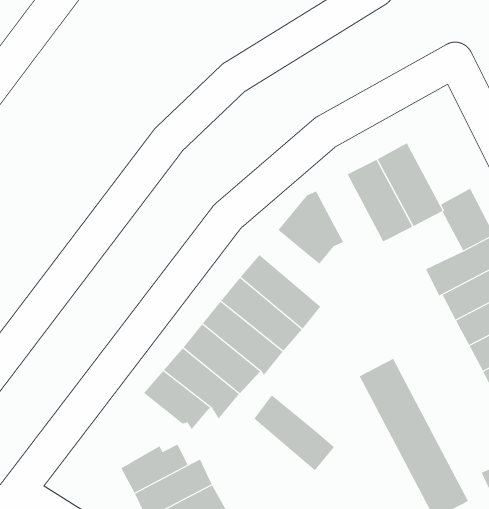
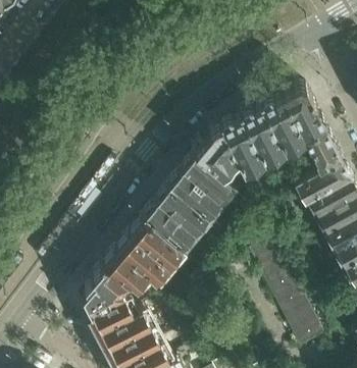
building: none -> [284,92,326,142]
building: none -> [222,121,267,178]
building: none -> [80,269,132,320]
building: [253,394,335,471] -> [184,159,239,211]

